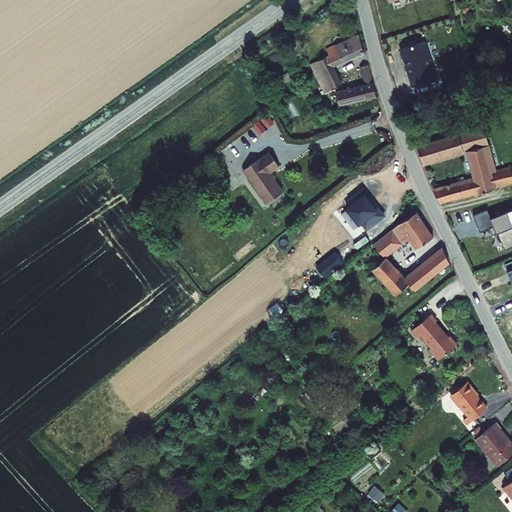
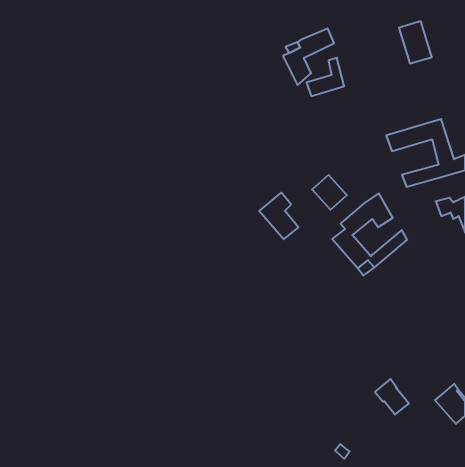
building: [407,42,443,88] -> [399,21,432,63]
building: [241,149,284,200] -> [259,193,298,239]
building: [409,315,454,361] -> none
building: [450,380,487,419] -> [375,379,409,415]

